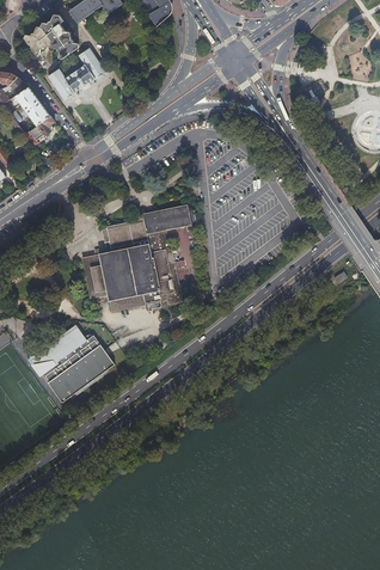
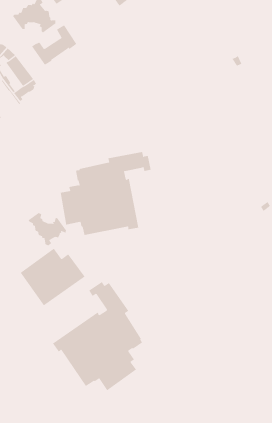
building: none -> [28,212,67,246]
building: none -> [52,281,143,391]

